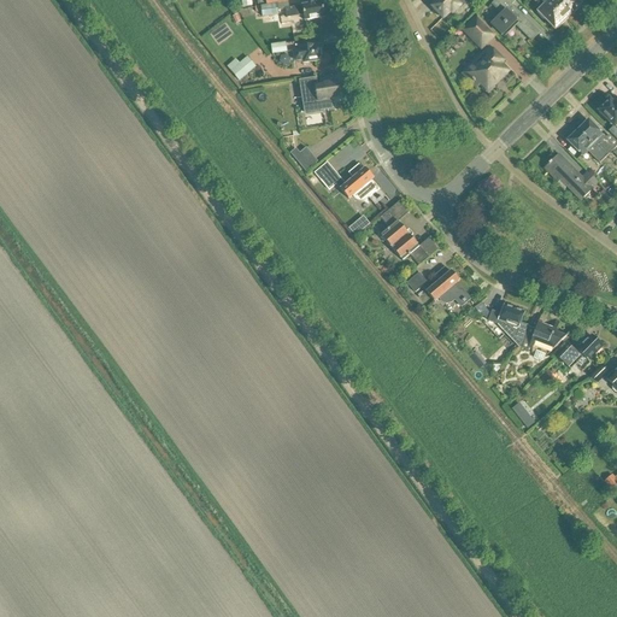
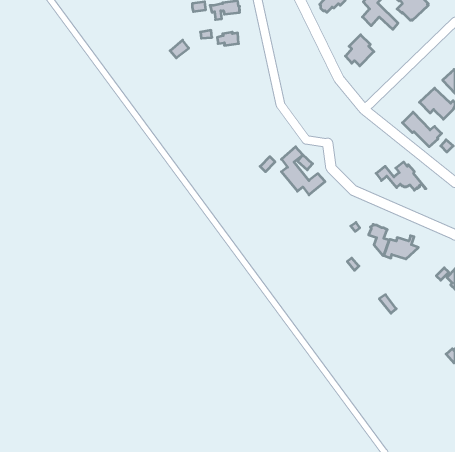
building: [462,13,496,48] -> none
building: [304,77,339,100] -> none
building: [321,163,389,200] -> none
building: [407,265,475,304] -> [376,162,426,190]
building: [558,334,601,368] -> none

